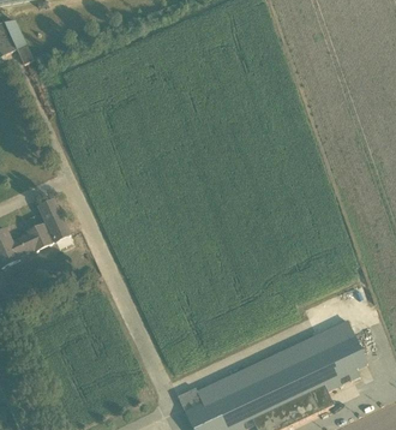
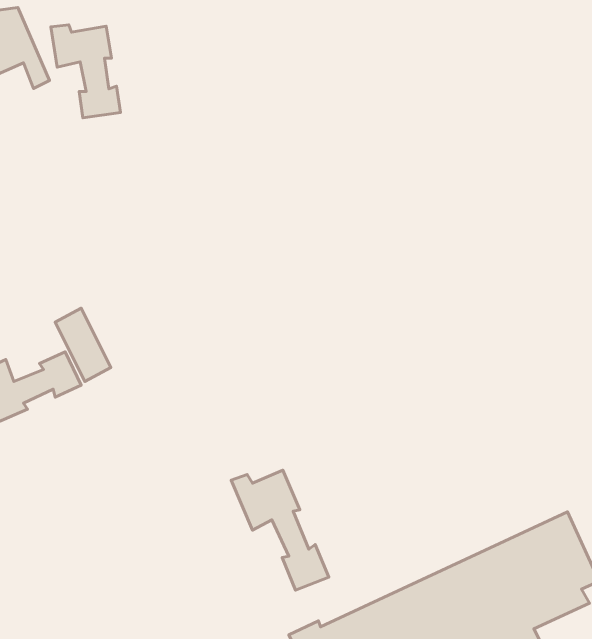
building: none -> [51,25,120,118]
building: none -> [231,470,329,590]

